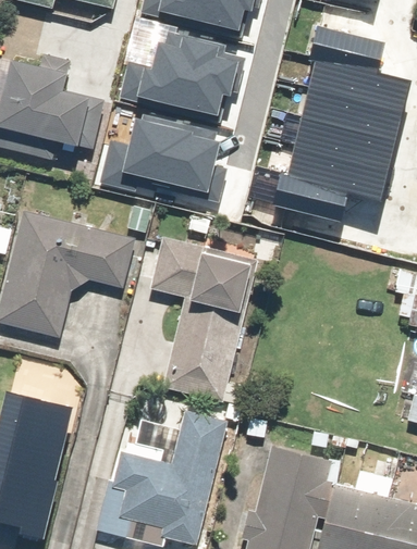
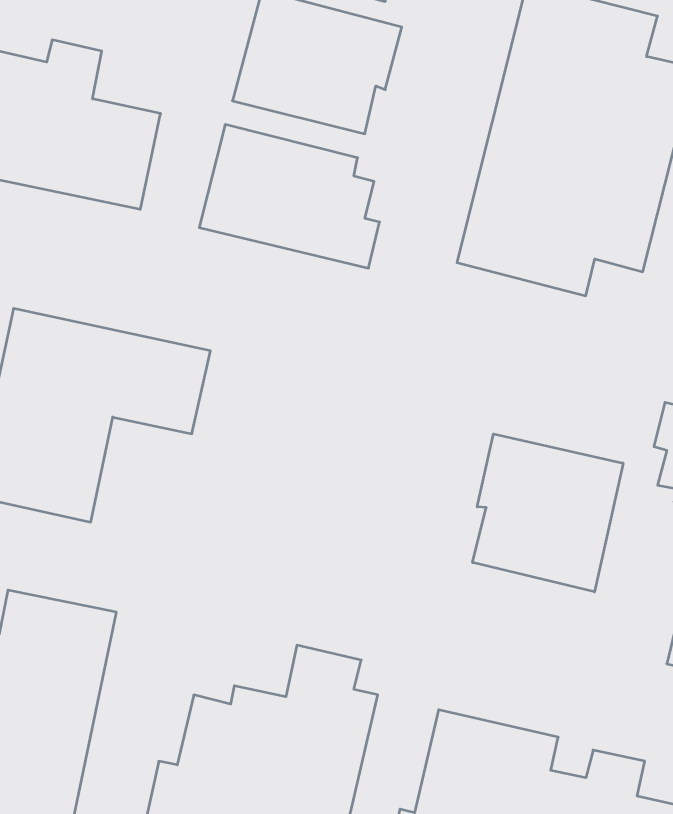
building: [147,236,247,402] -> none
building: none -> [473,434,623,592]

